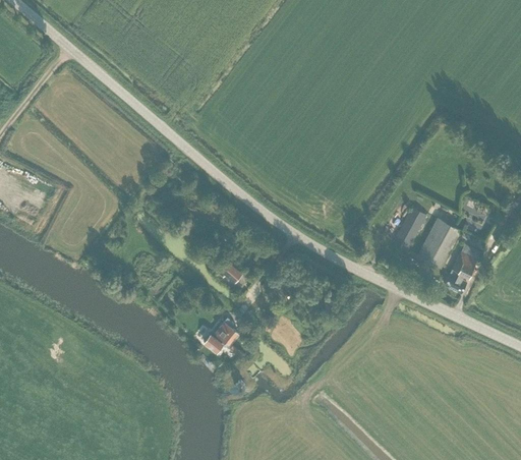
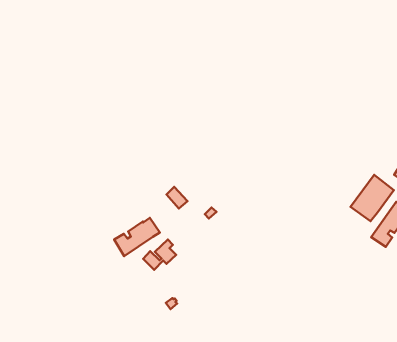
building: [392,207,426,249] -> none
building: none -> [114,218,160,256]

